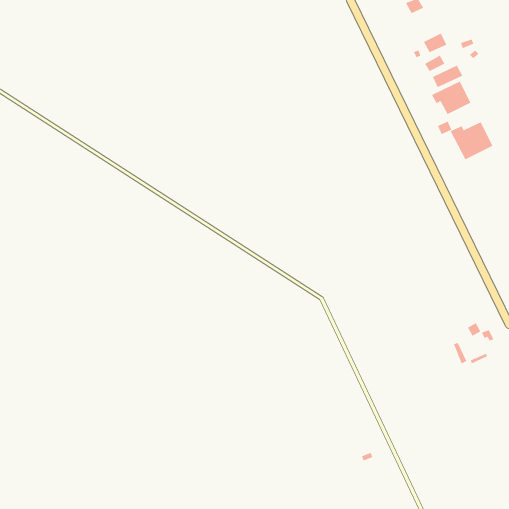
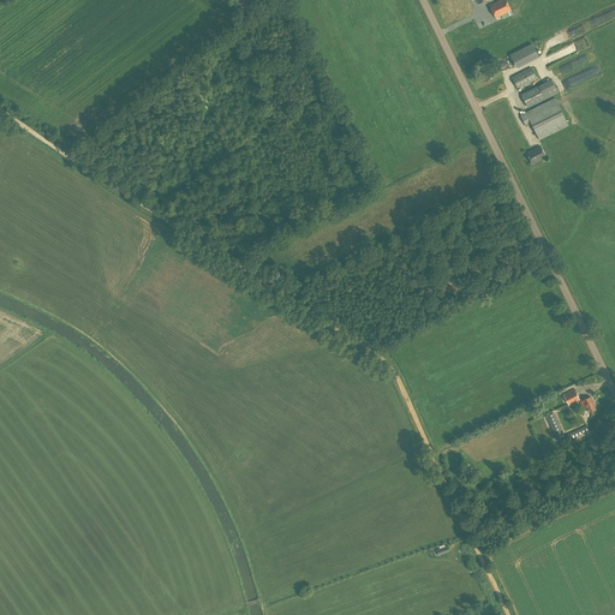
building: [450,122,493,160] -> none

